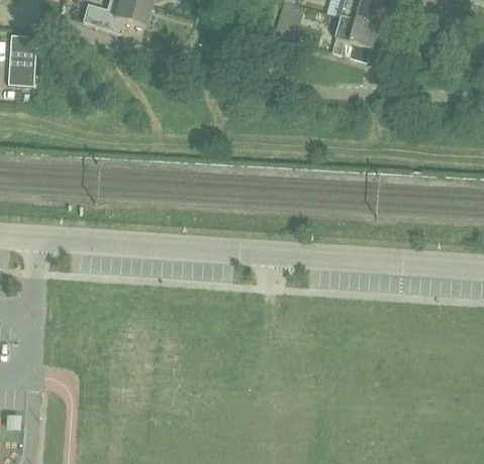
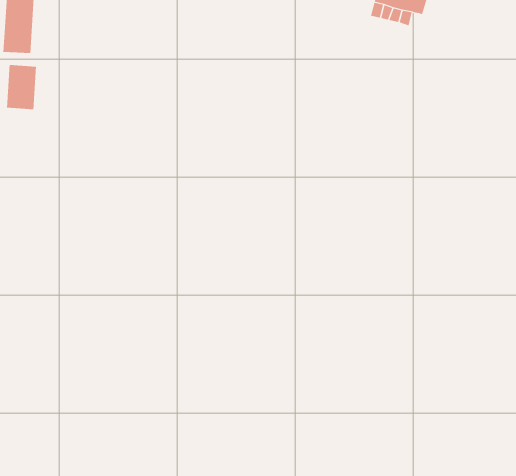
building: none -> [6,64,37,110]

